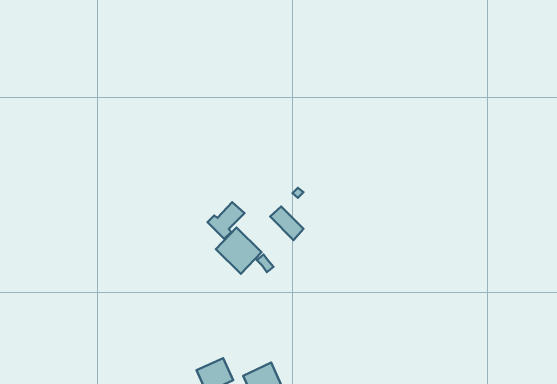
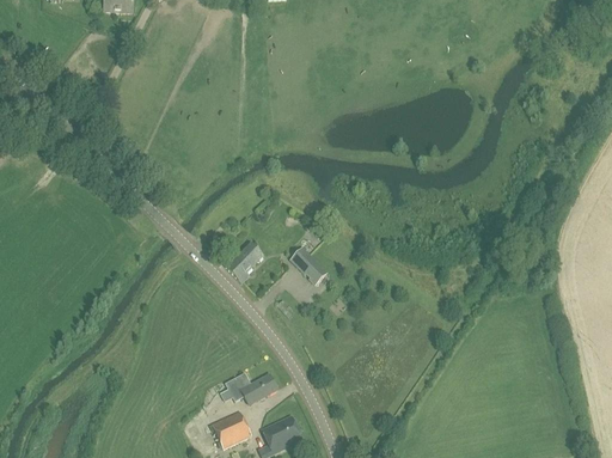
building: [216,227,261,274] -> none
building: none -> [225,371,277,402]

